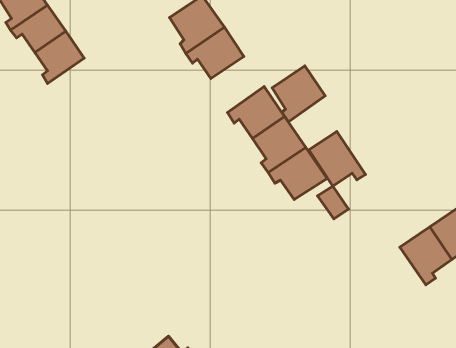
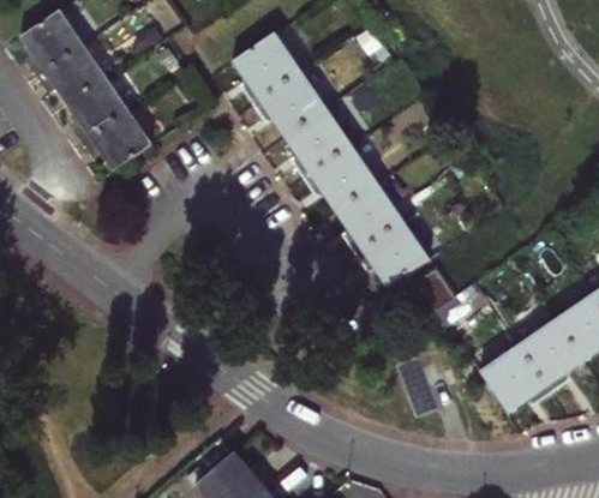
building: none -> [82,109,150,169]
building: [272,66,325,122] -> [284,107,351,176]
building: [309,132,366,186] -> none
building: none -> [480,343,551,412]

